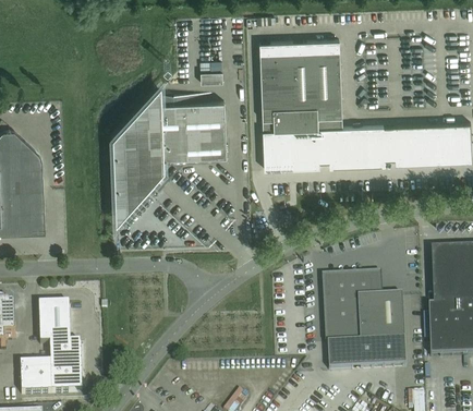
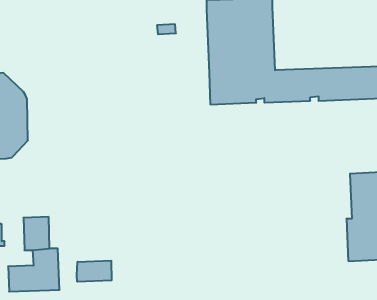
building: [114,87,226,215] -> none
building: [324,273,405,368] -> none
building: none -> [77,261,112,282]

